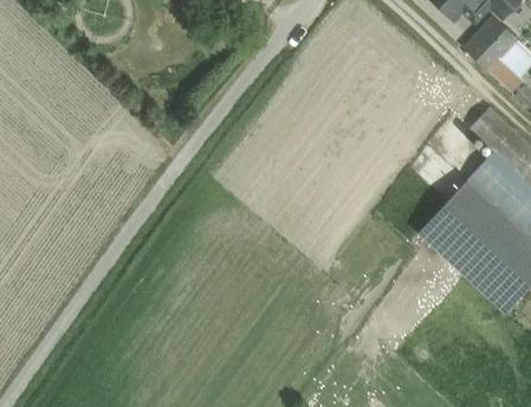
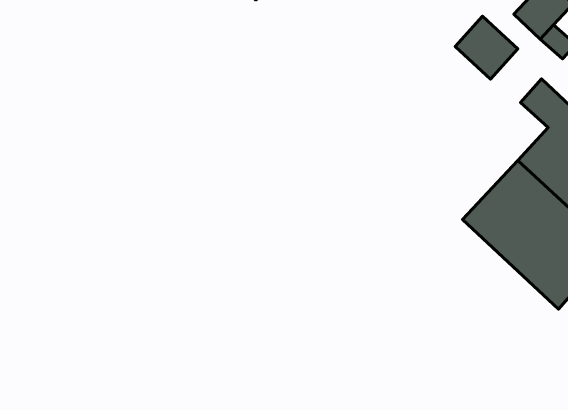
building: none -> [455,16,518,79]

